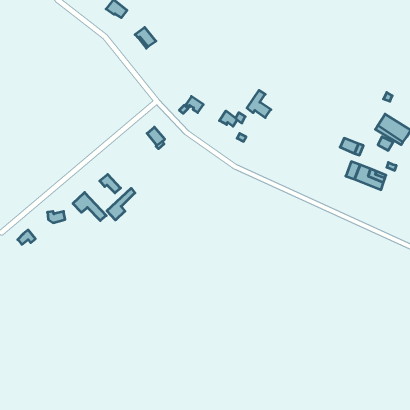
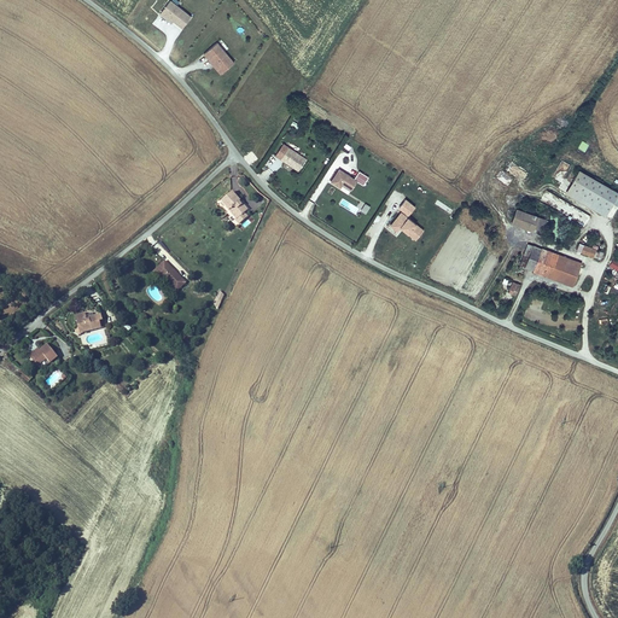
building: [247,90,271,118] -> [389,199,425,240]
building: [107,188,135,220] -> none
building: [73,192,106,221] -> none

